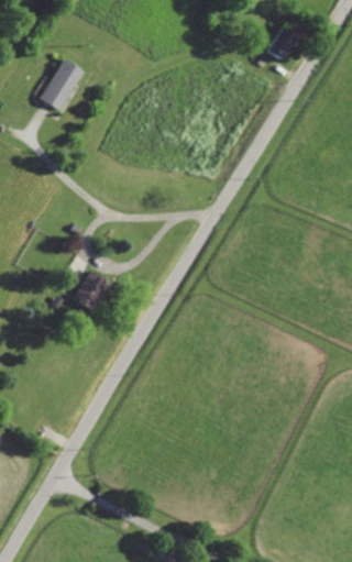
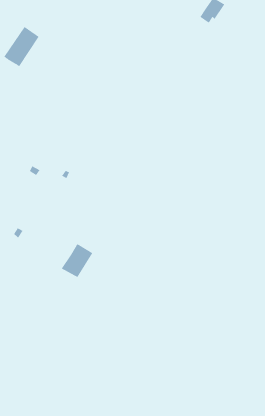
building: [73,269,110,310] -> [61,243,93,278]

